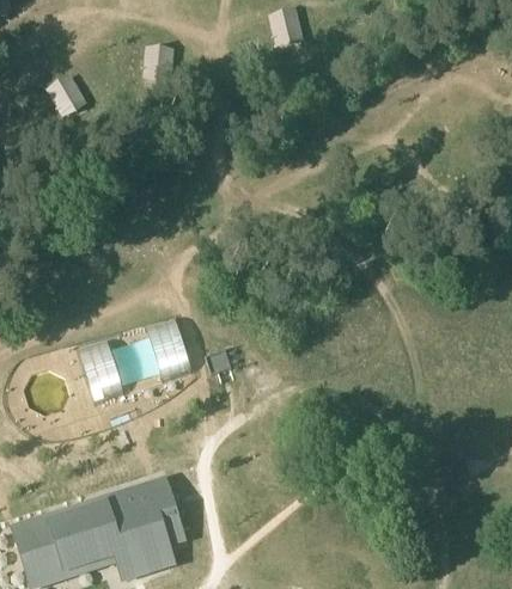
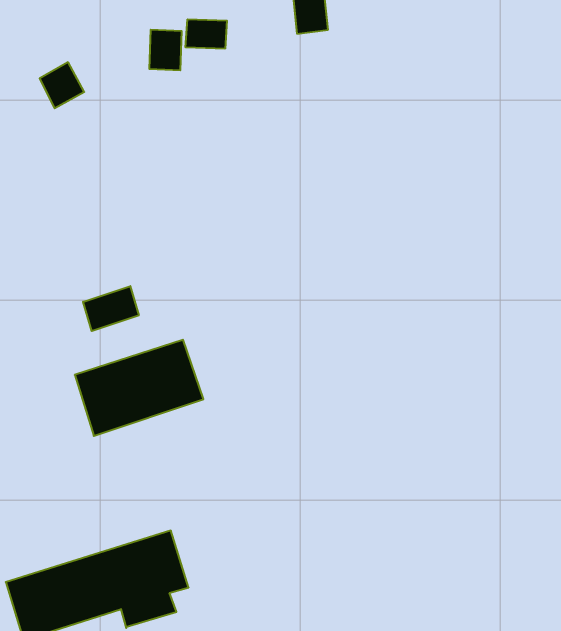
building: none -> [186,19,227,49]
building: none -> [83,286,139,331]

